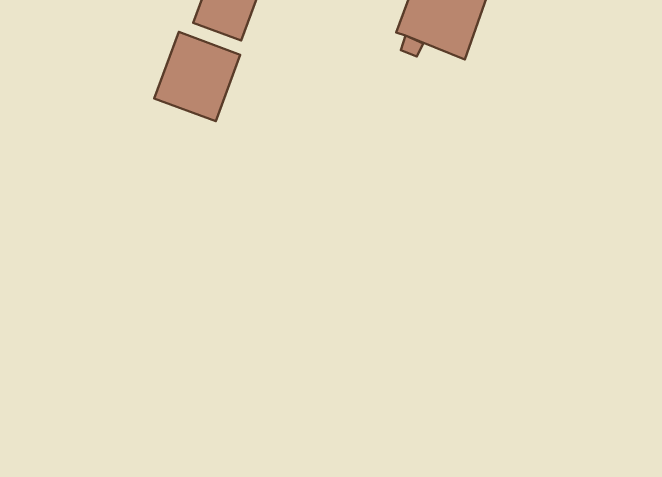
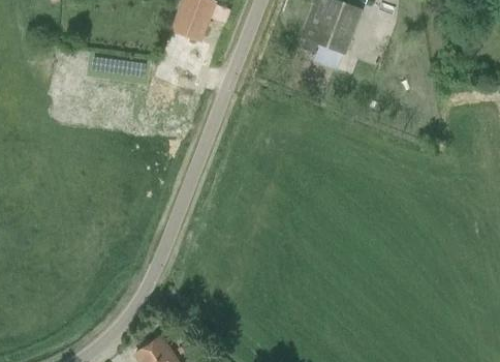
building: [154,32,240,121] -> none

